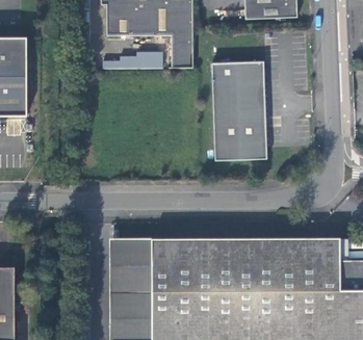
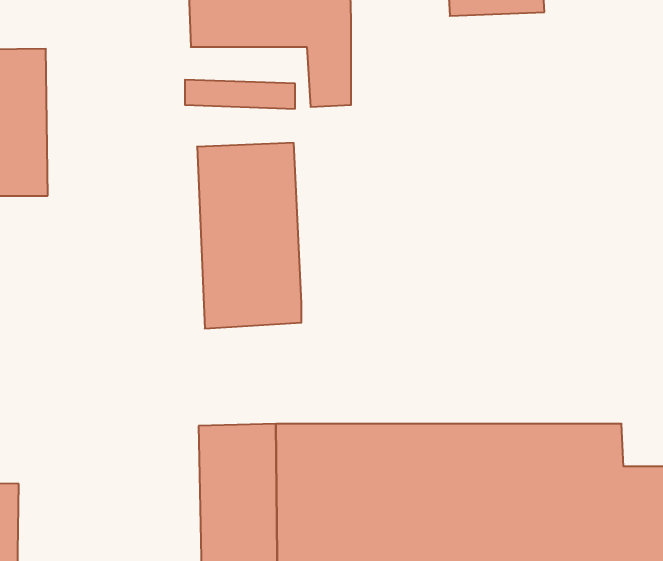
building: [211,60,267,160] -> [197,143,301,328]

